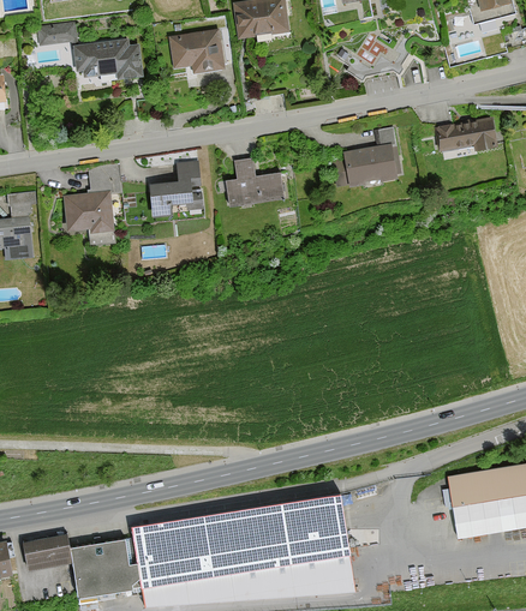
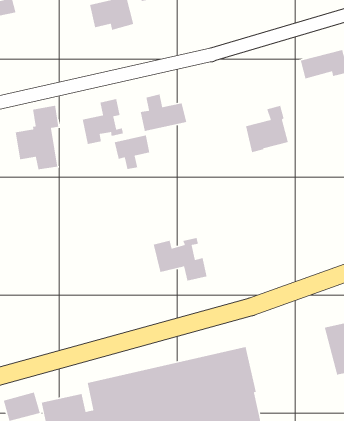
building: [72,40,143,80] -> none
building: [343,127,399,187] -> [245,105,289,153]
building: none -> [114,134,150,170]
building: none -> [153,237,207,282]

